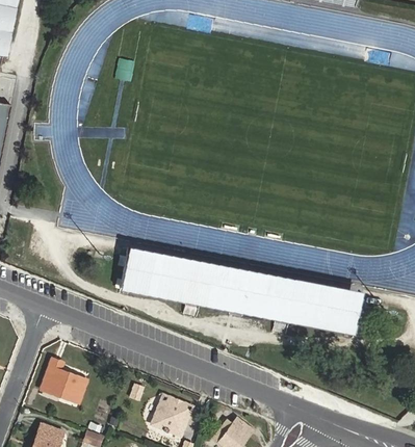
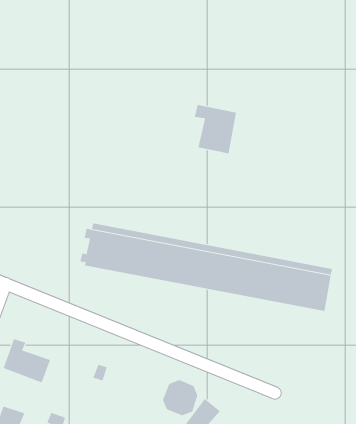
building: none -> [194,104,237,154]
building: [153,398,188,433] -> [162,380,198,416]

